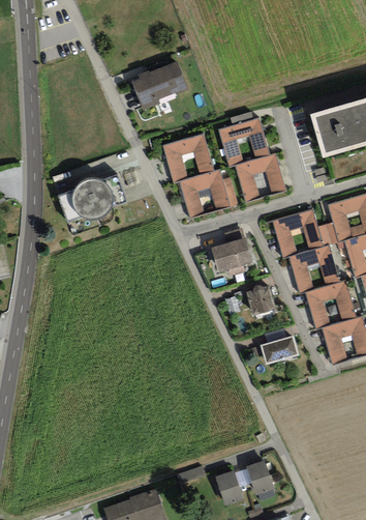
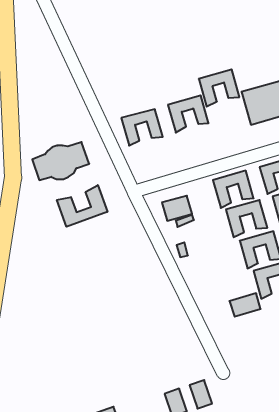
building: [131,63,185,106] -> none
building: [236,154,284,199] -> [199,69,239,107]
building: [179,171,228,214] -> none
building: none -> [57,185,107,227]
building: [247,287,274,313] -> none
building: [260,337,297,365] -> [229,293,261,317]

